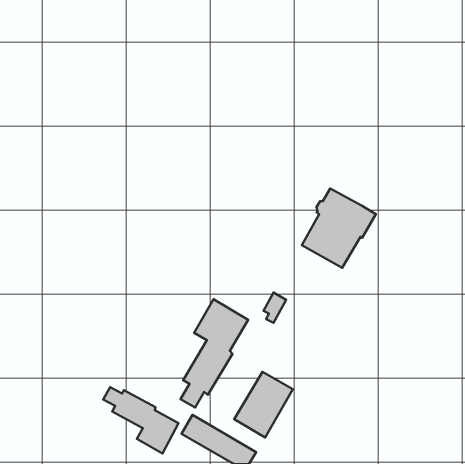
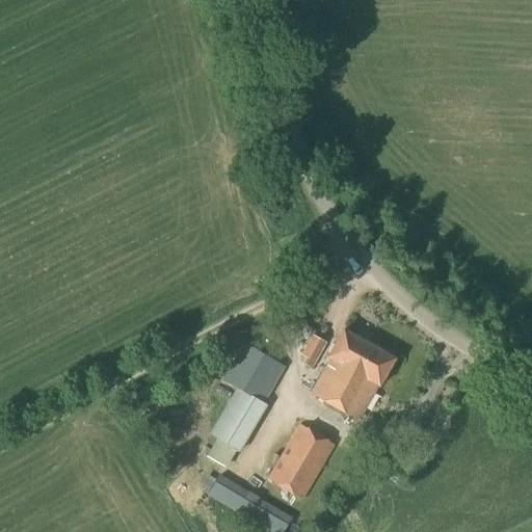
building: [302,189,376,268] -> [312,328,396,419]
building: [103,387,179,453] -> none

